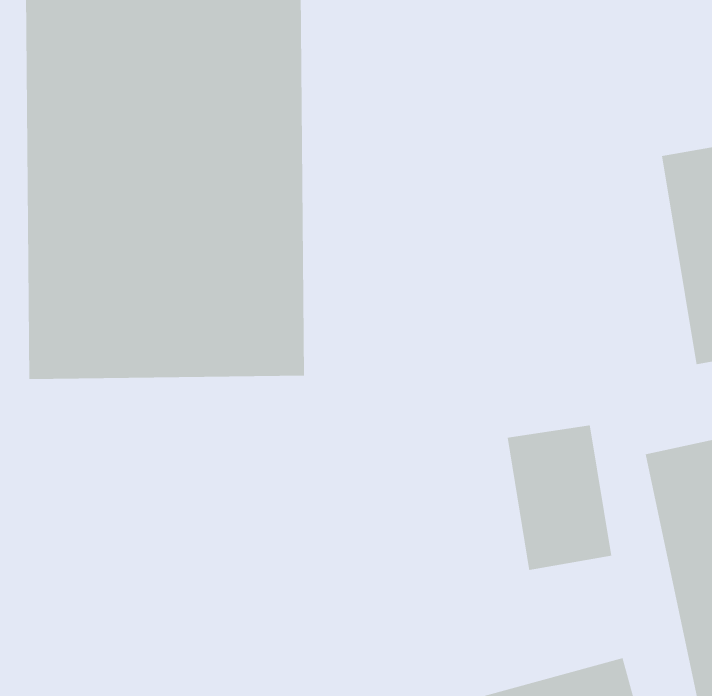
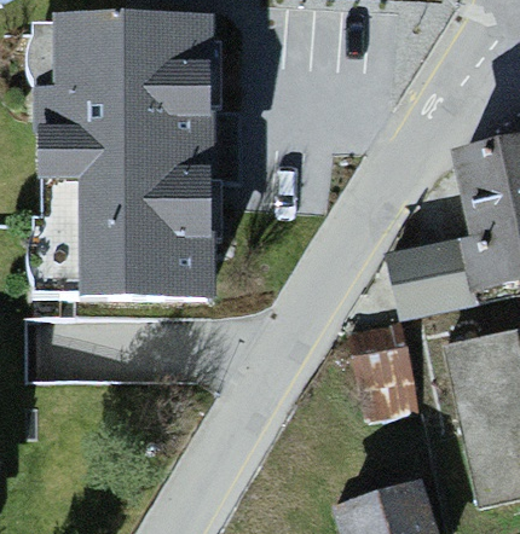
building: none -> [387,237,476,320]

